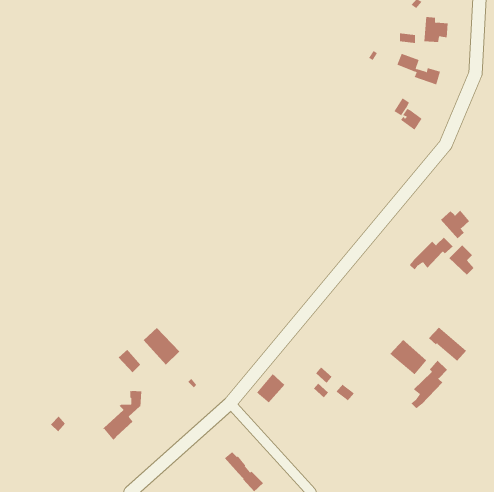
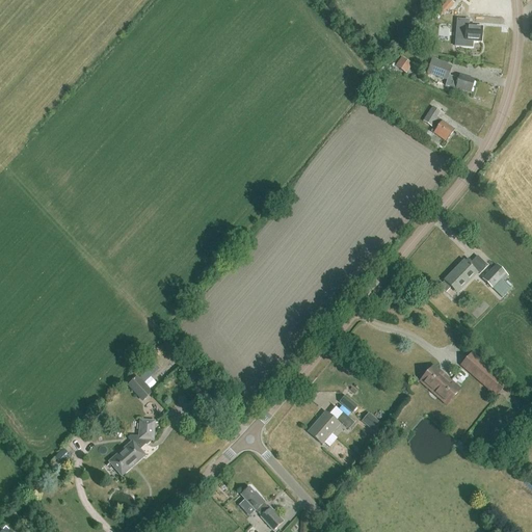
building: [440,210,470,239] -> none
building: [143,327,180,366] -> none
building: [411,360,448,409] -> none
building: [256,373,285,403] -> [308,410,339,443]

